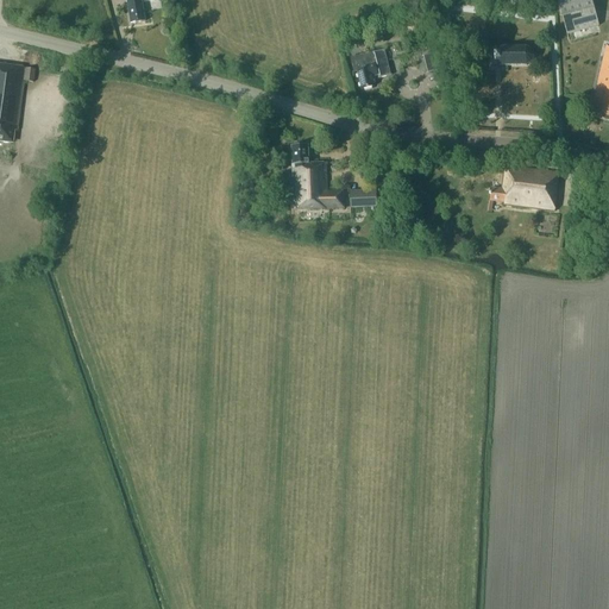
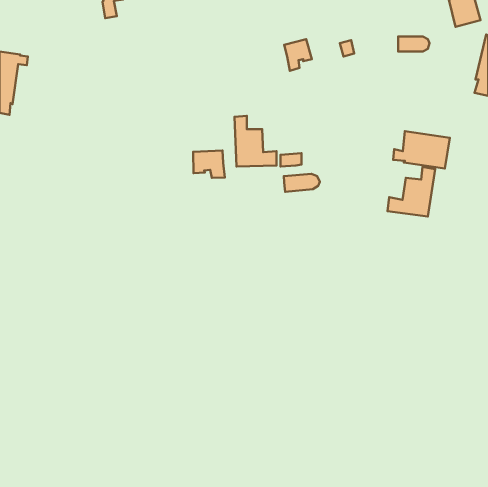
building: none -> [193,151,225,178]
building: none -> [388,167,435,216]
building: none -> [284,174,320,192]

